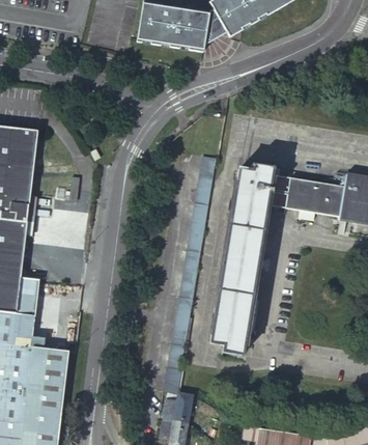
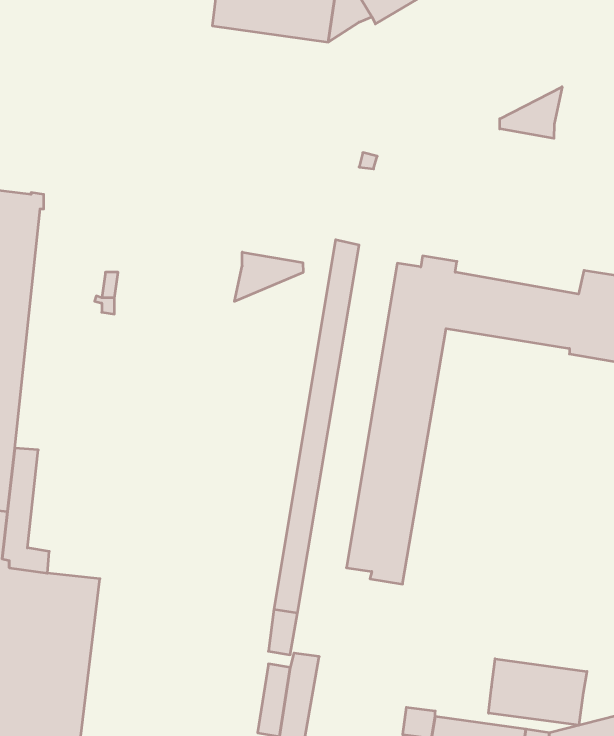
building: none -> [500,87,562,138]
building: none -> [234,252,303,301]
building: none -> [489,659,587,725]

